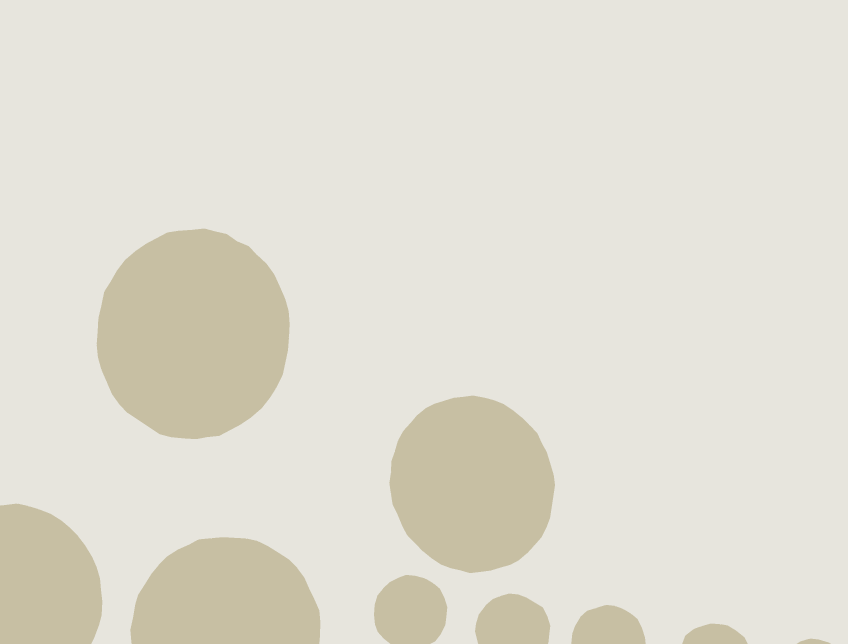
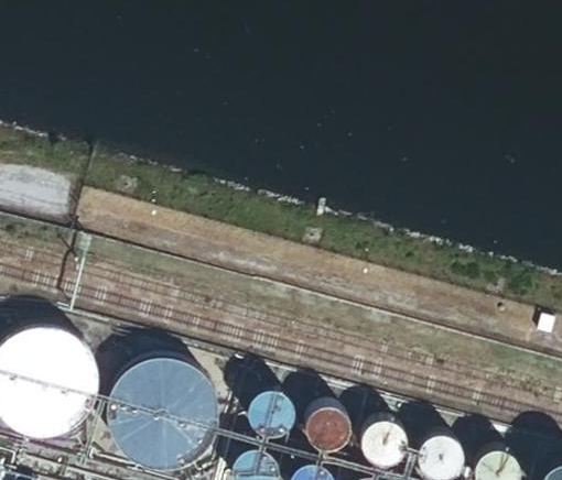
building: [96,228,290,440] -> none
building: [389,395,556,574] -> none

